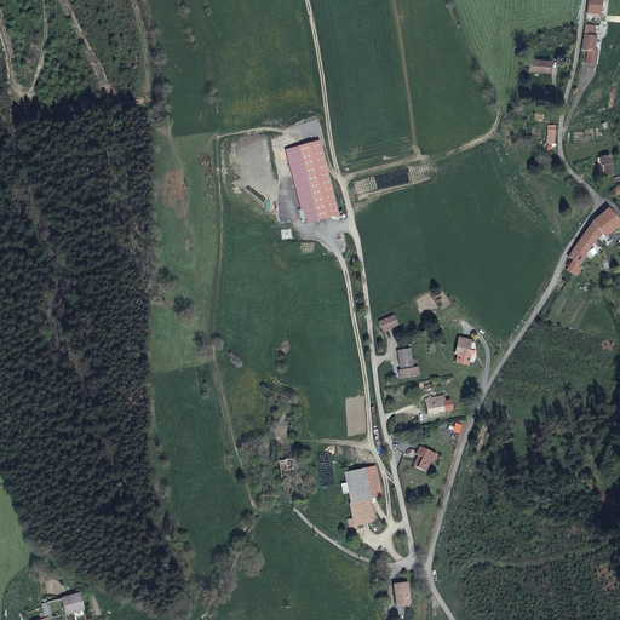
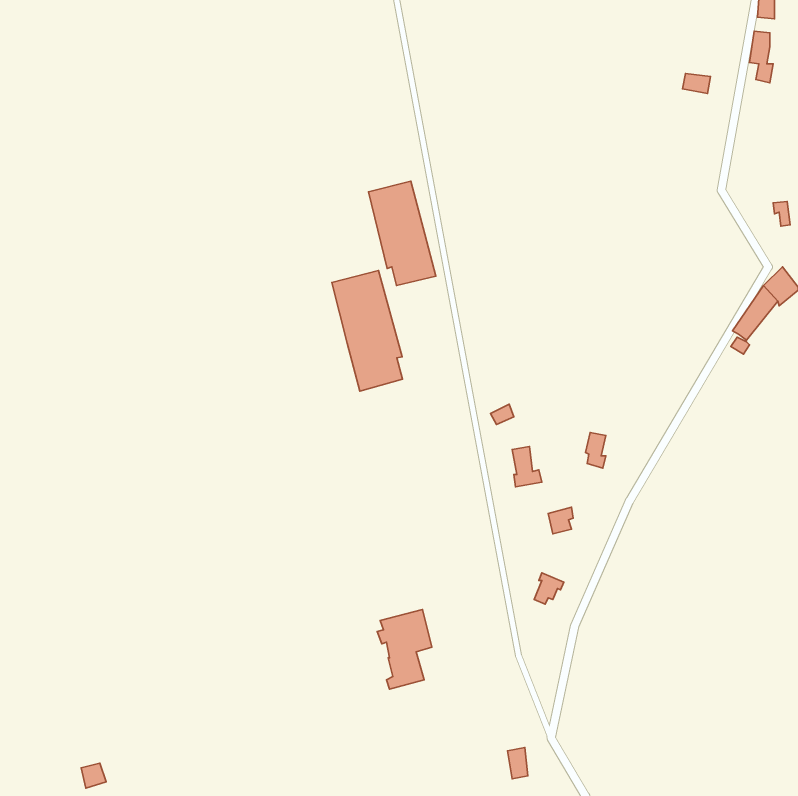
building: none -> [332,270,403,391]
building: [340,464,383,526] -> [377,610,432,689]

